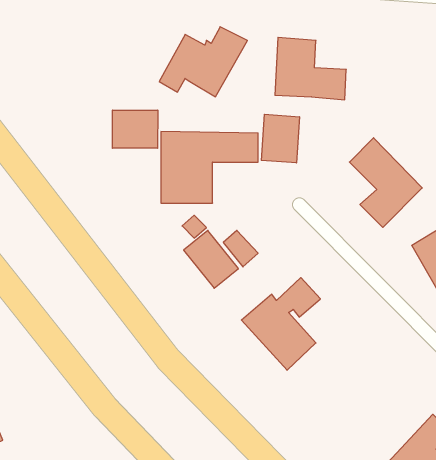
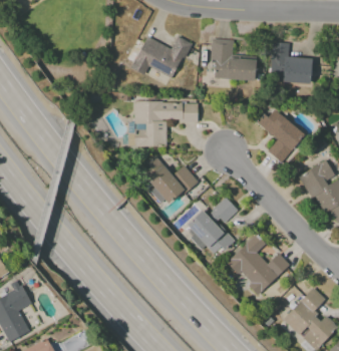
building: none -> [272,42,311,82]
building: [112,110,158,148] -> none
building: [261,114,299,163] -> none
building: none -> [227,234,290,294]

